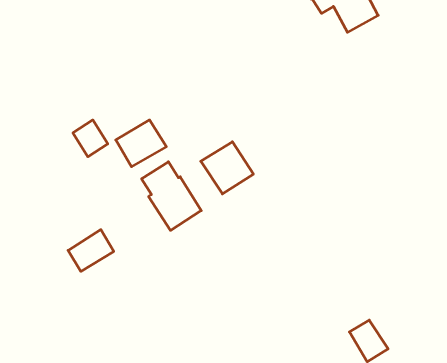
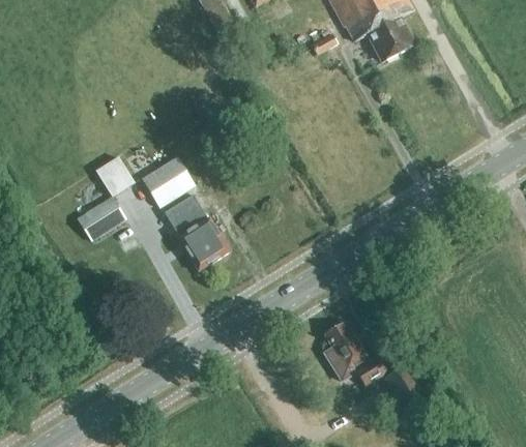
building: [201,142,253,194] -> none
building: [68,230,114,271] -> [77,195,124,238]
building: none -> [324,319,387,381]

